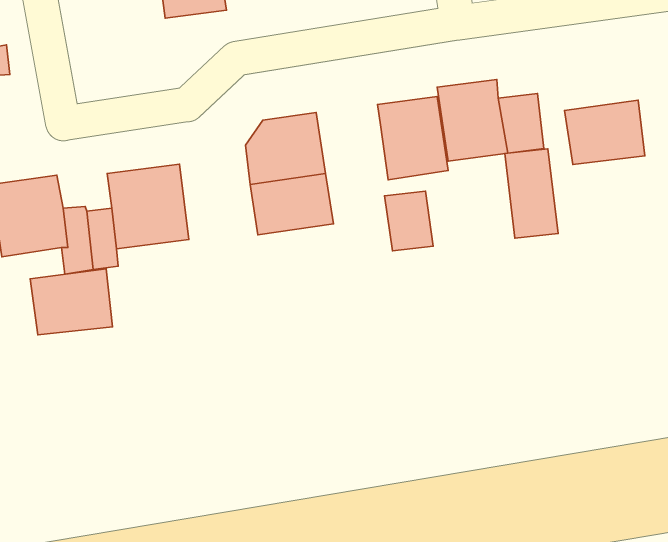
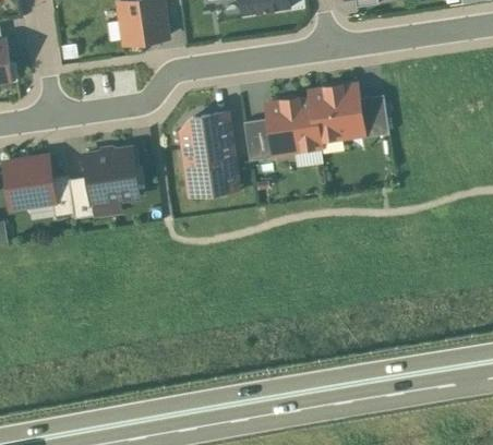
building: [565,100,645,164] -> none
building: [505,149,558,238] -> none
building: [385,191,433,251] -> [244,118,278,159]
building: [30,269,112,335] -> none

